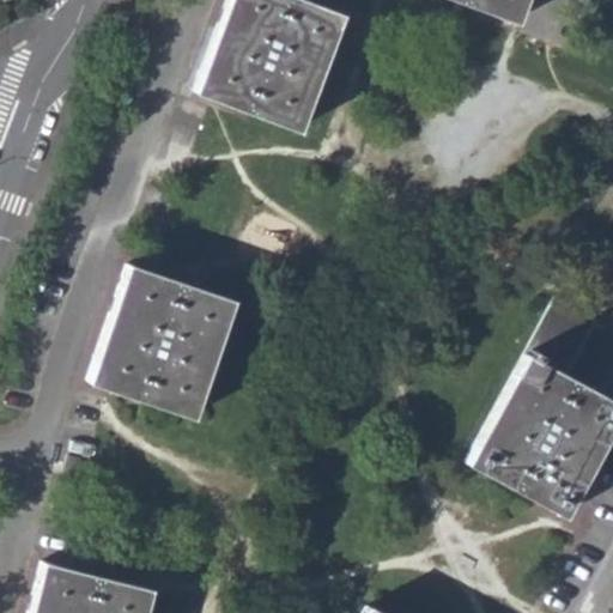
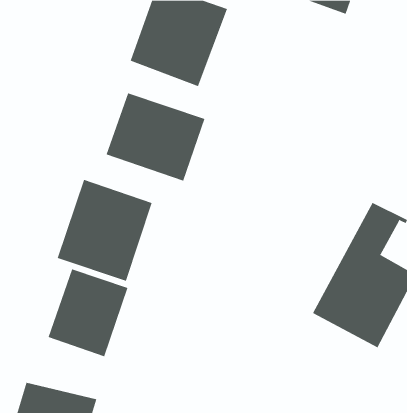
building: none -> [106,92,205,182]
building: none -> [48,269,128,357]

